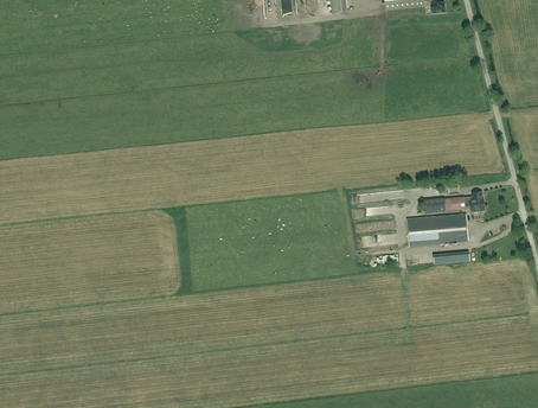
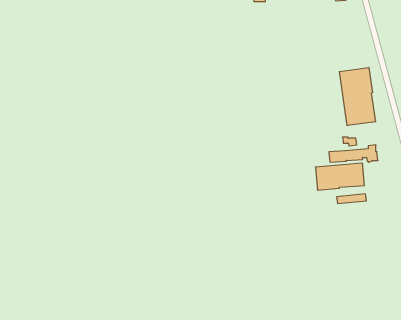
building: none -> [339,67,376,126]

